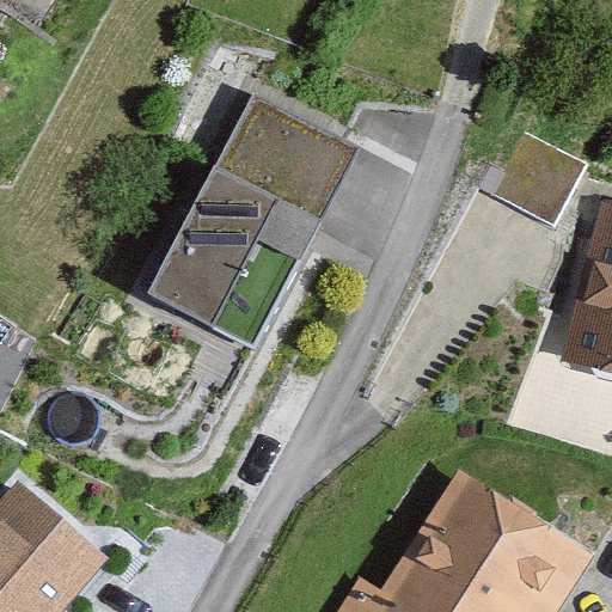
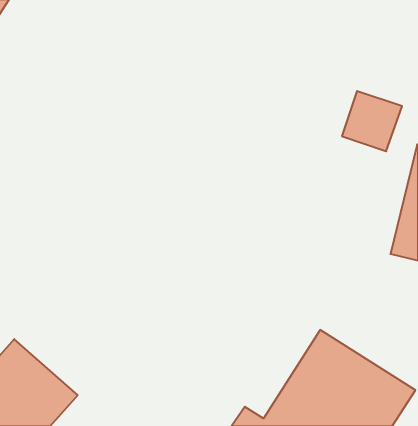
building: [155,97,371,338] -> none

